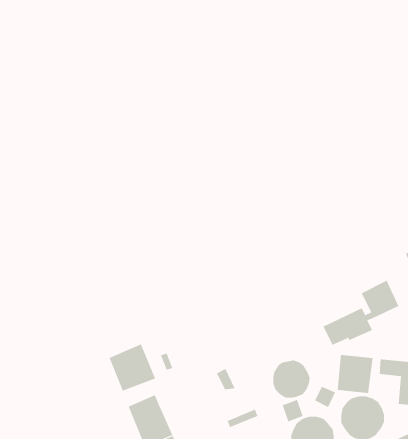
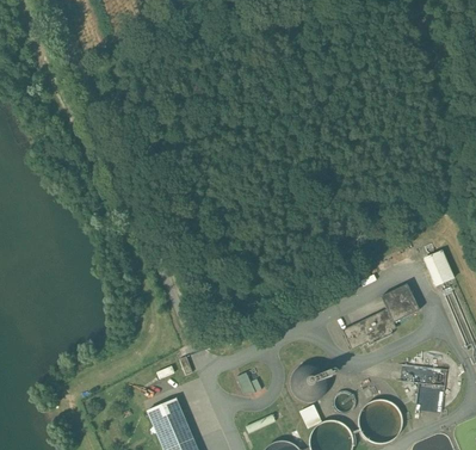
building: [109,344,156,391] -> none
building: [337,354,373,394] -> none

